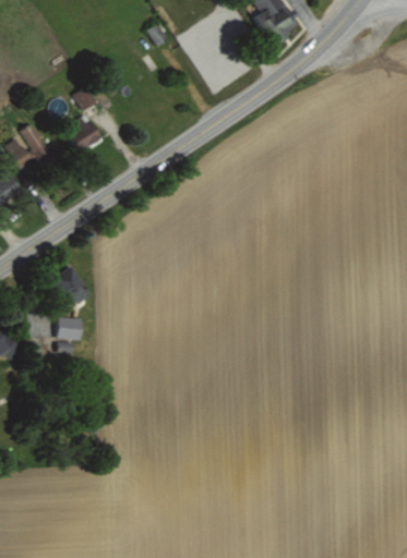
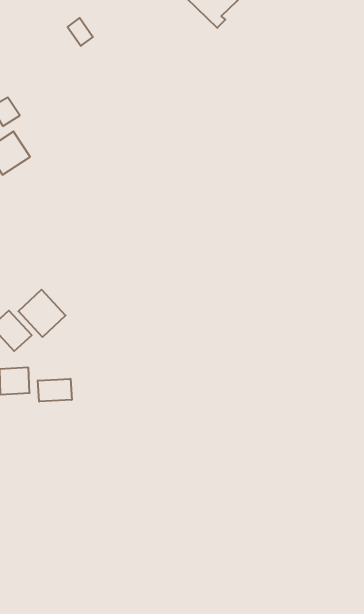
building: none -> [18,290,66,337]
building: none -> [38,379,72,402]

